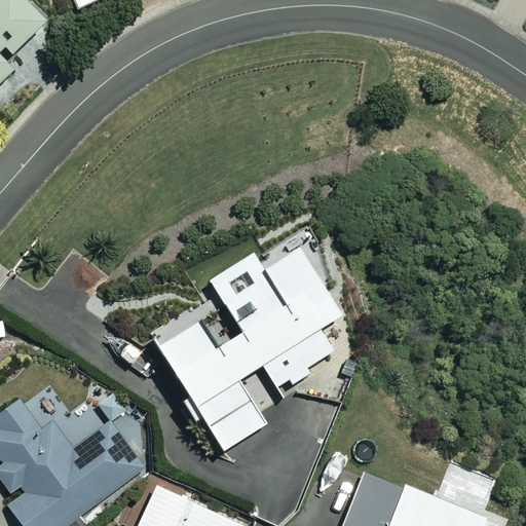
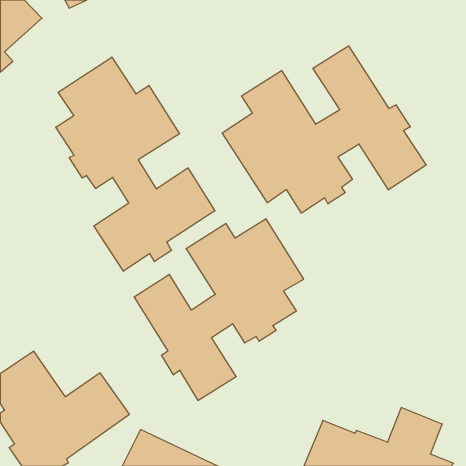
building: none -> [222,46,426,213]
building: none -> [56,57,215,271]

